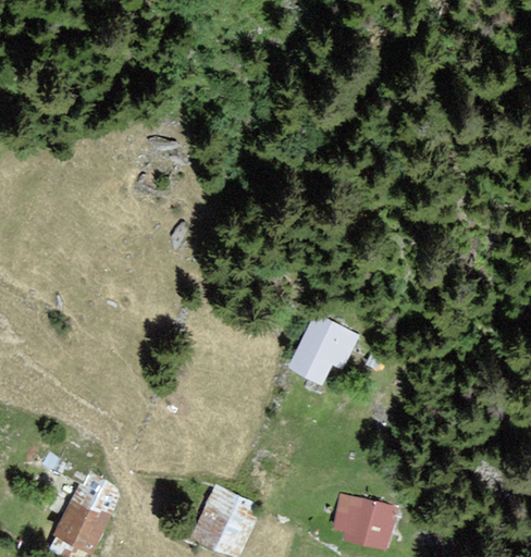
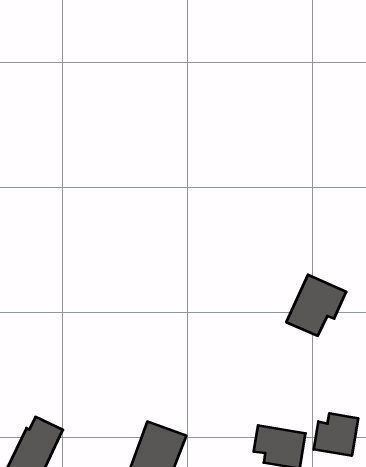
building: [285,314,355,384] -> [286,275,346,336]
building: none -> [314,413,358,456]

